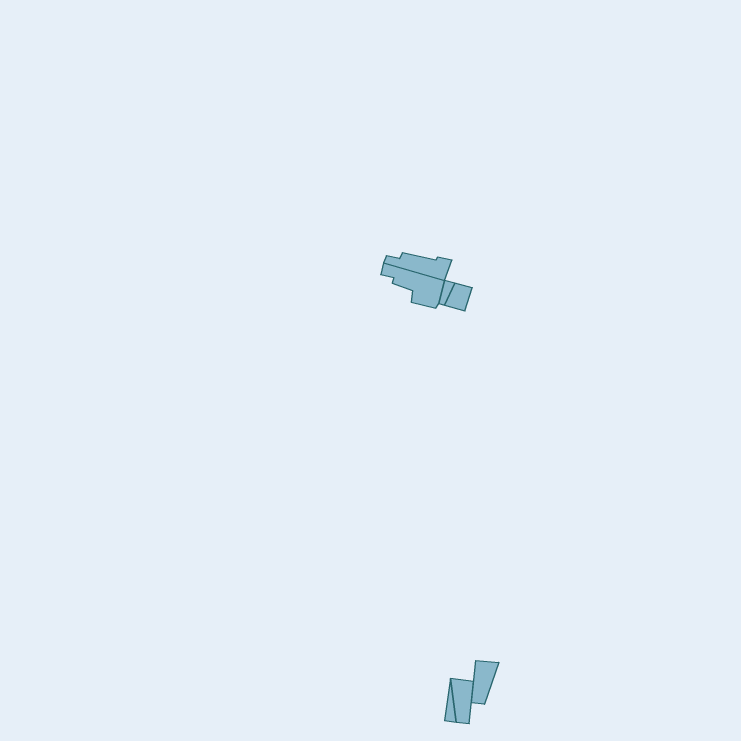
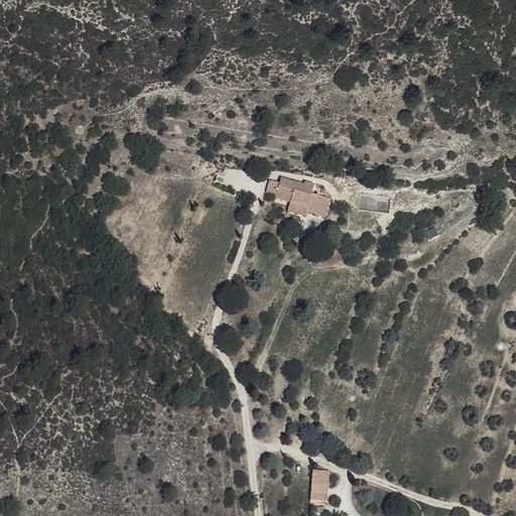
building: [471,661,499,704] -> none

